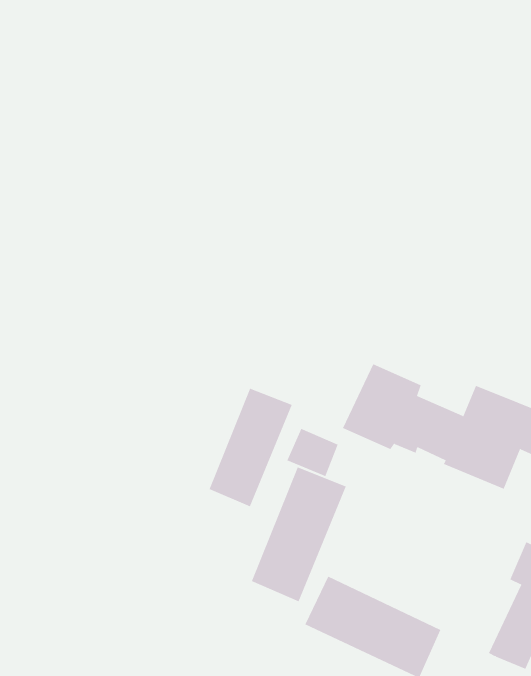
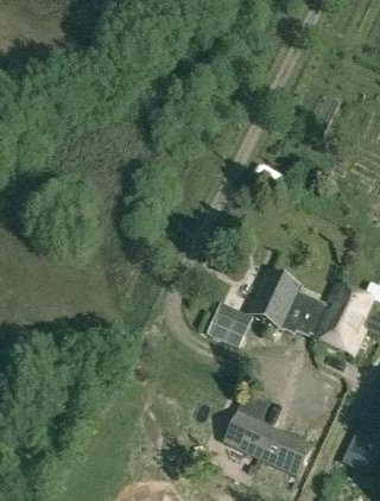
building: [209,388,292,507] -> none
building: [251,467,347,602] -> none

